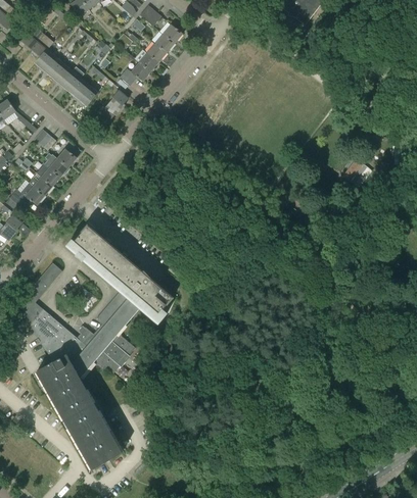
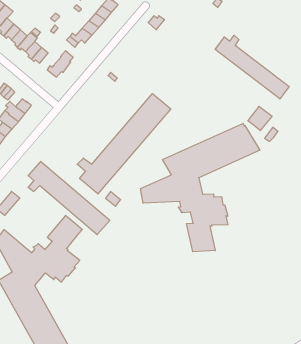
building: none -> [215,35,289,99]
building: none -> [77,94,171,194]
building: none -> [140,123,260,252]

